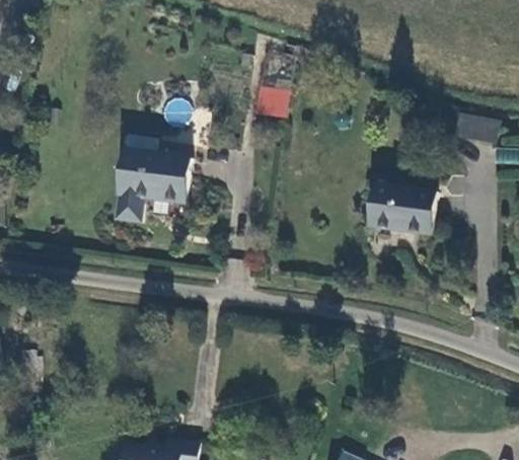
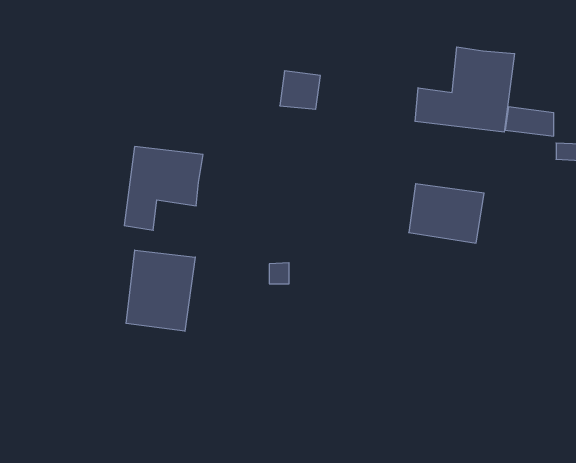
building: none -> [415,47,515,132]
building: none -> [126,250,195,331]

